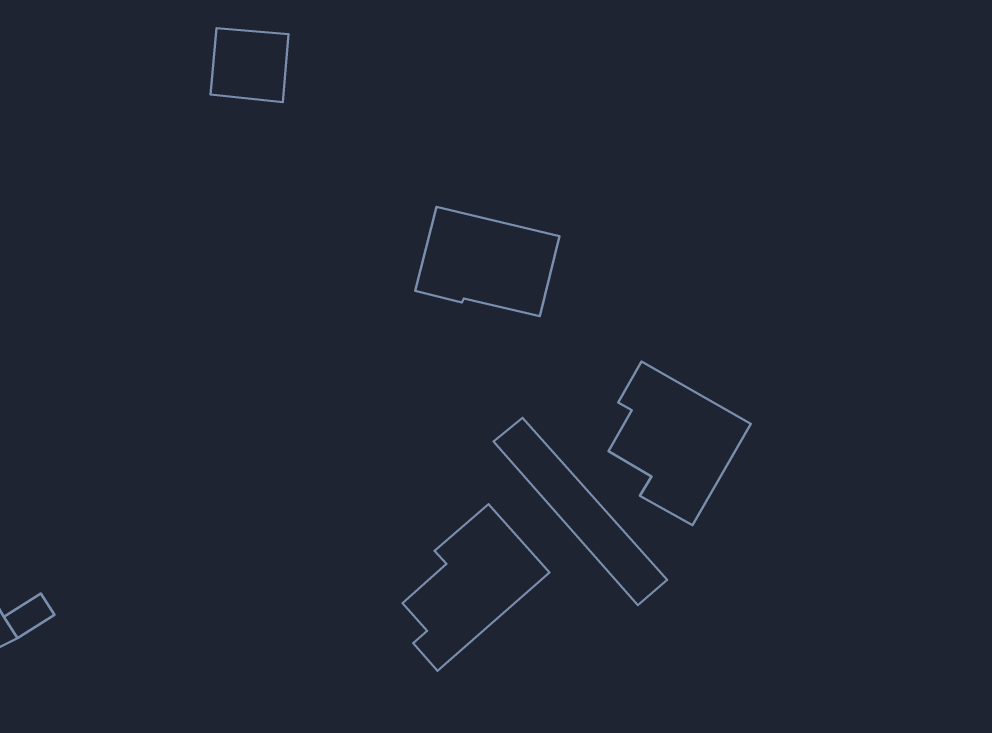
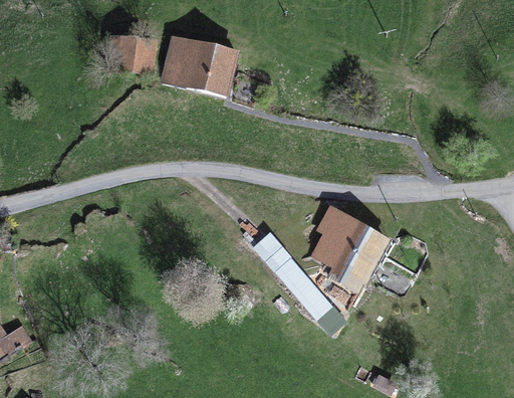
building: [415,207,560,316] -> [162,38,236,94]
building: [403,504,549,671] -> none

